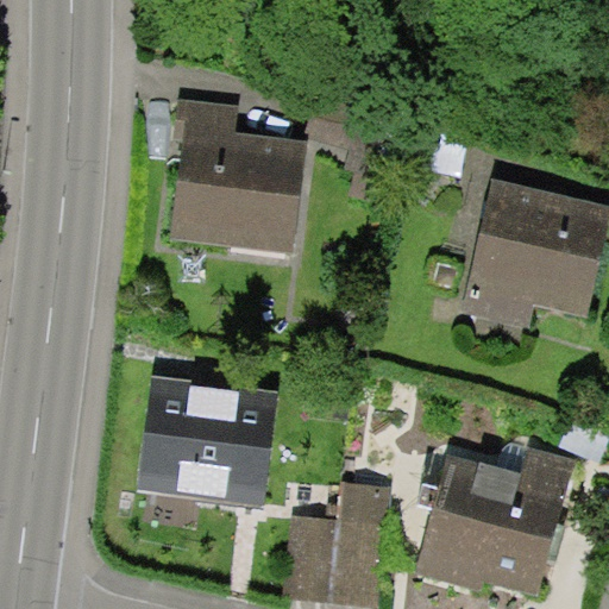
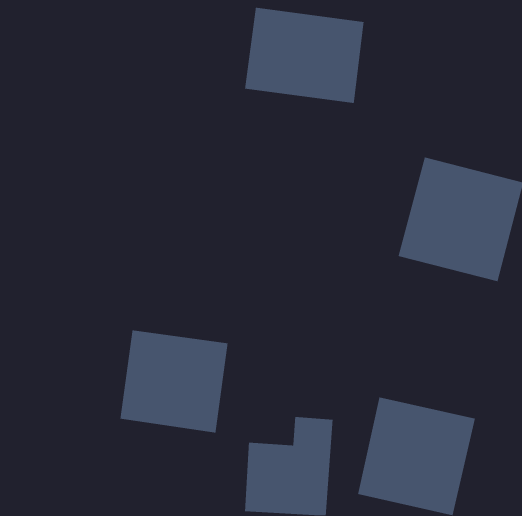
building: none -> [244,7,364,104]
building: [170,126,309,253] -> none

